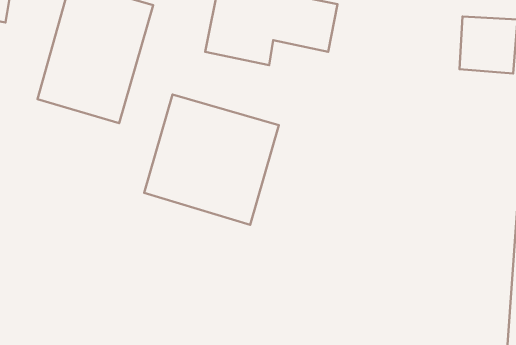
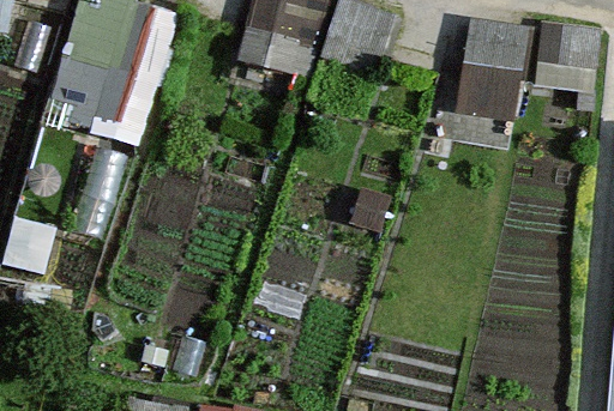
building: none -> [455,18,526,120]
building: [144,94,279,225] -> none

